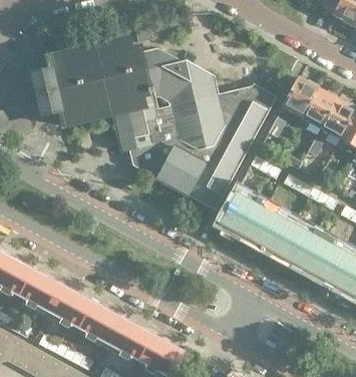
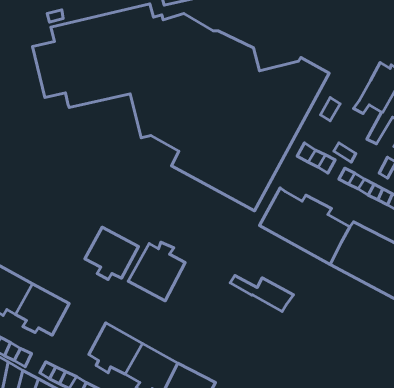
building: [281,76,318,118] -> none
building: none -> [128,242,185,301]
building: none -> [230,276,293,311]
building: [48,286,92,329] -> [85,227,139,279]

